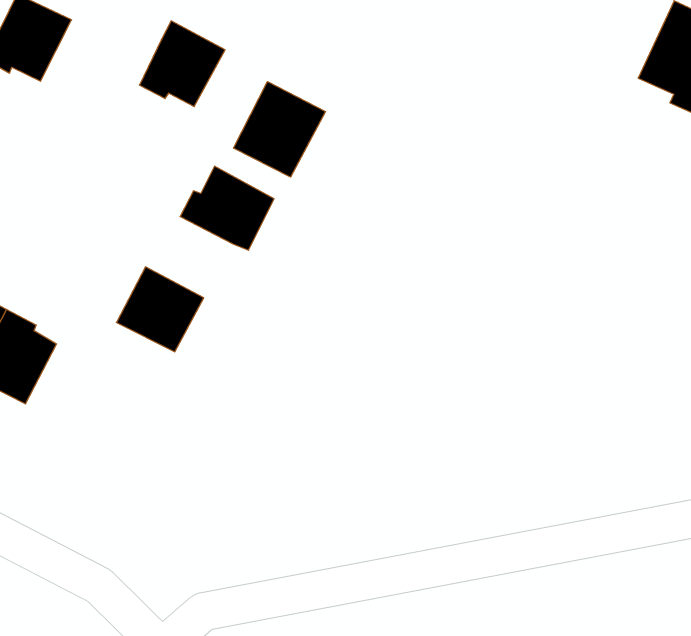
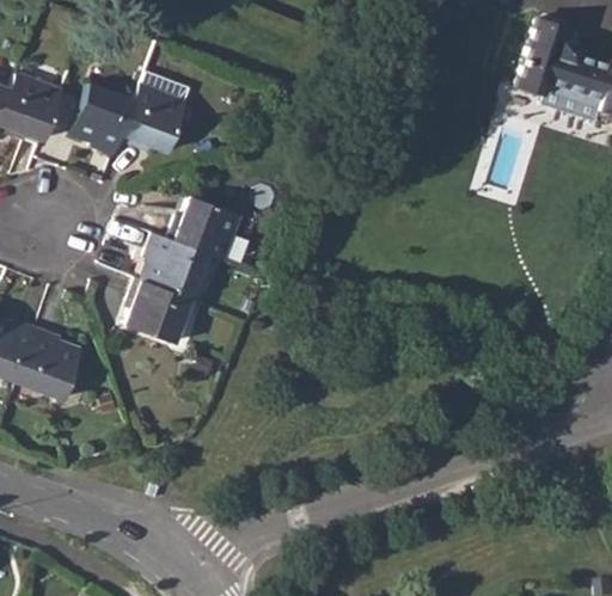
building: none -> [74,84,136,156]
building: [234,82,326,177] -> none
building: none -> [145,234,212,300]

